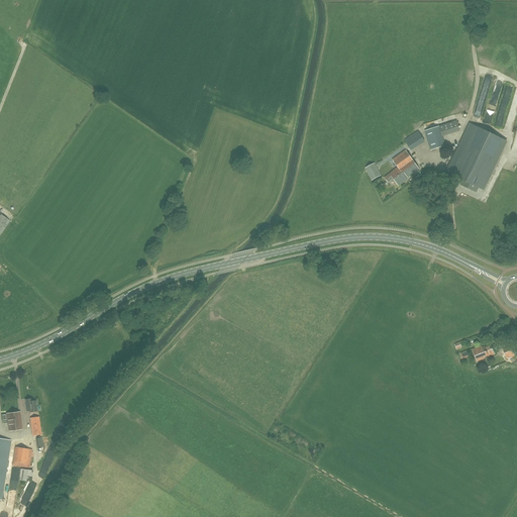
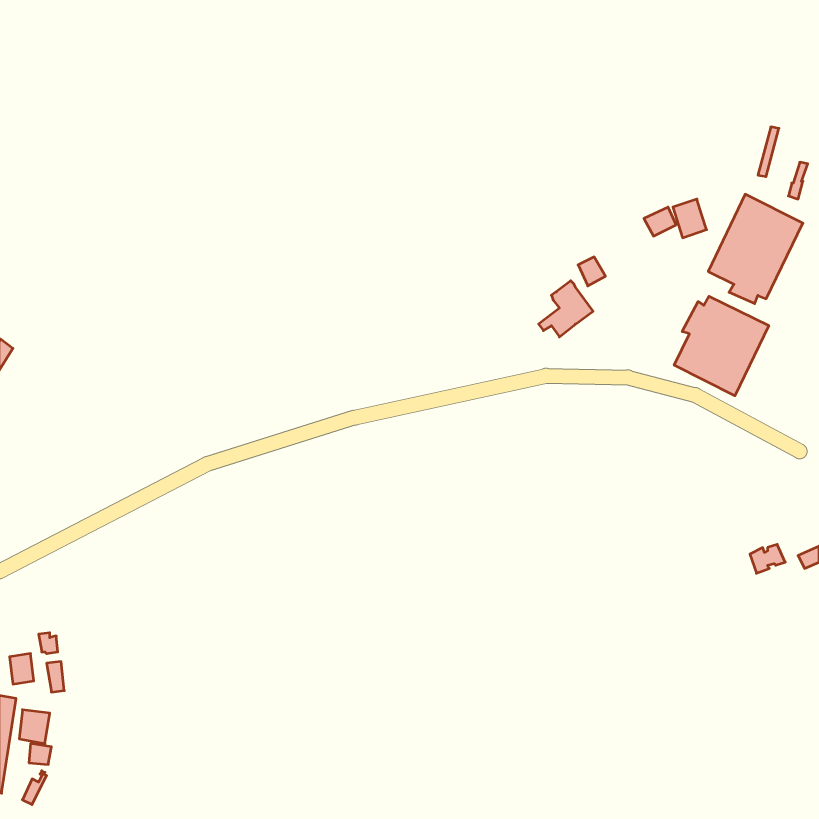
building: [384,149,418,185] -> [539,281,593,337]
building: none -> [674,296,769,396]

